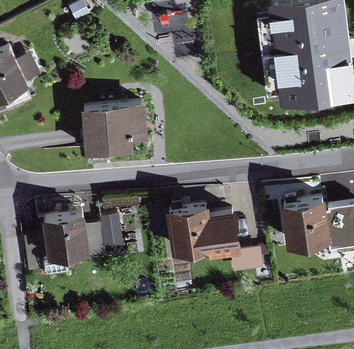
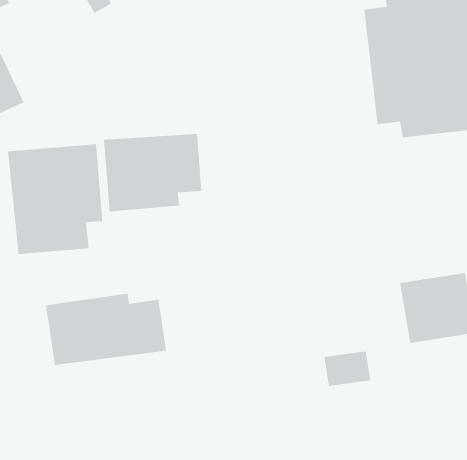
building: none -> [7,144,103,255]
building: [165,204,241,253] -> none

